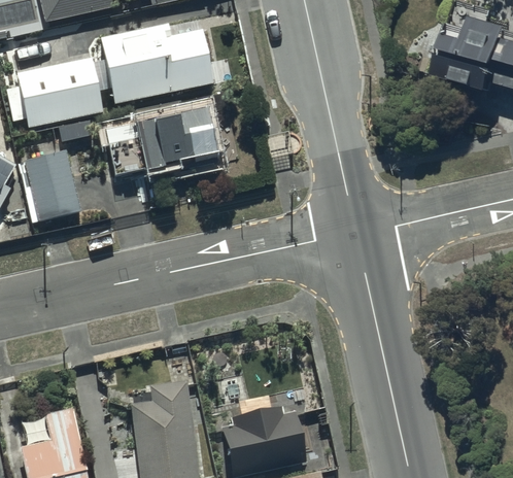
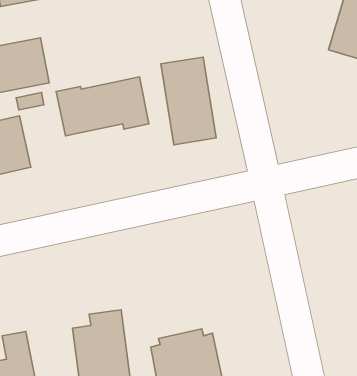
building: [98,24,216,105] -> none
building: none -> [161,57,216,145]

